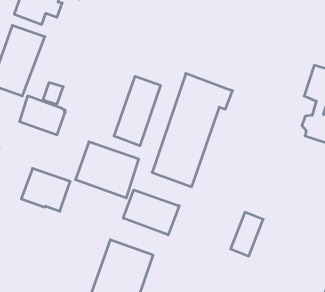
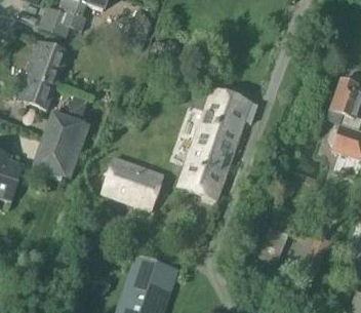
building: [114,76,160,146] -> none
building: [21,168,70,211] -> [32,135,81,179]
building: [123,190,179,235] -> none

